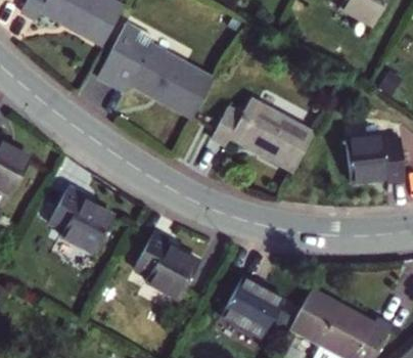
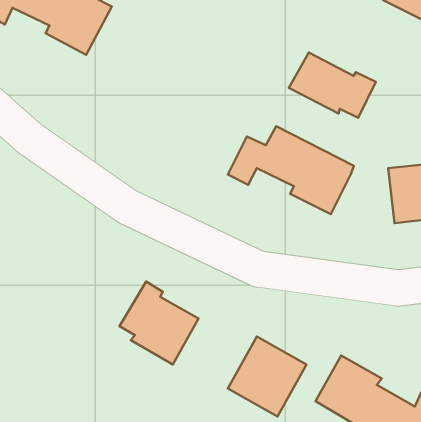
building: [101,37,221,123] -> none
building: none -> [289,53,376,118]
building: [48,183,112,252] -> none

